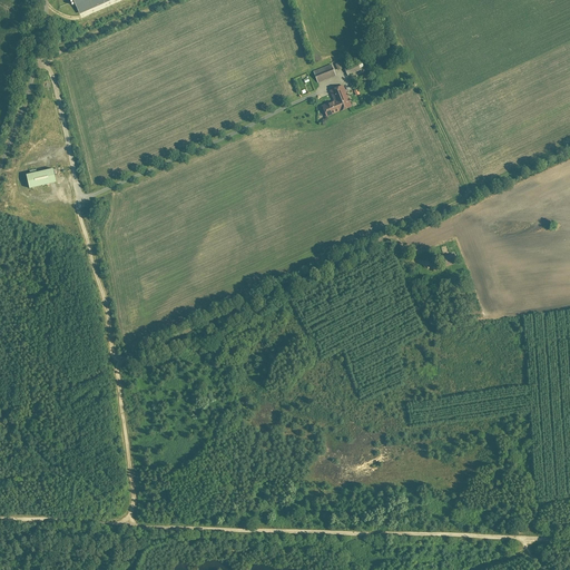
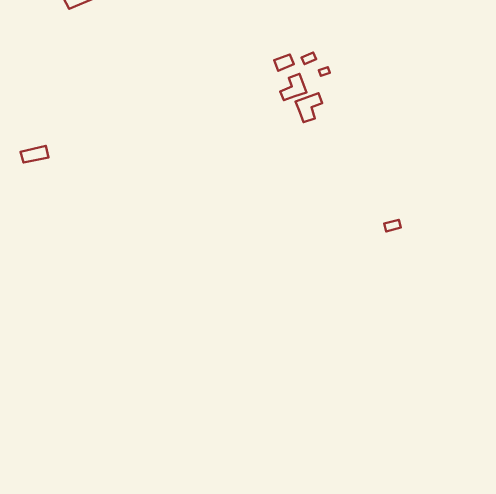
building: none -> [296,93,322,122]

